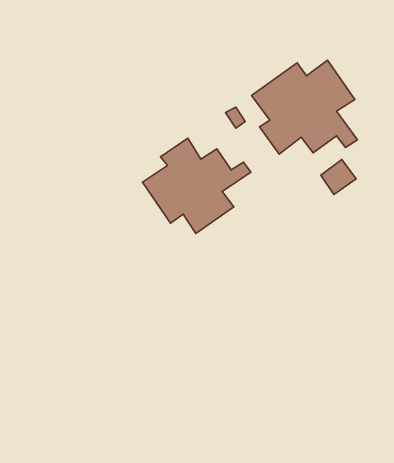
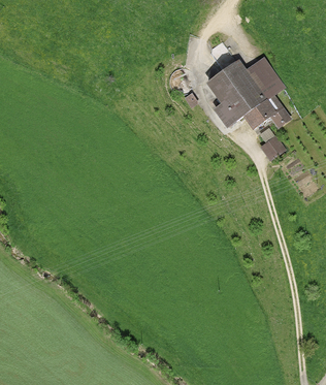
building: [142,138,251,234] -> none

